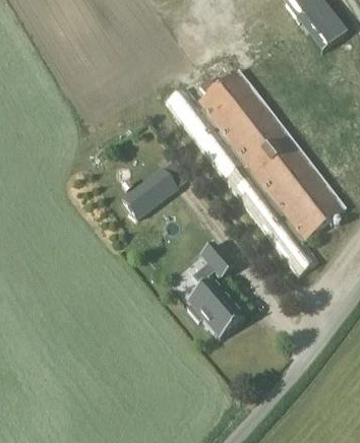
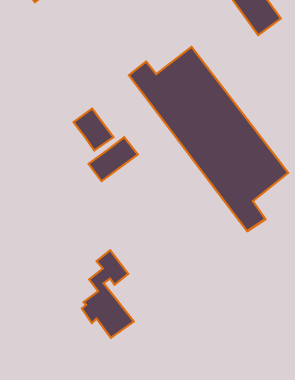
building: none -> [74,109,113,151]
building: [186,236,244,333] -> [82,250,134,338]

